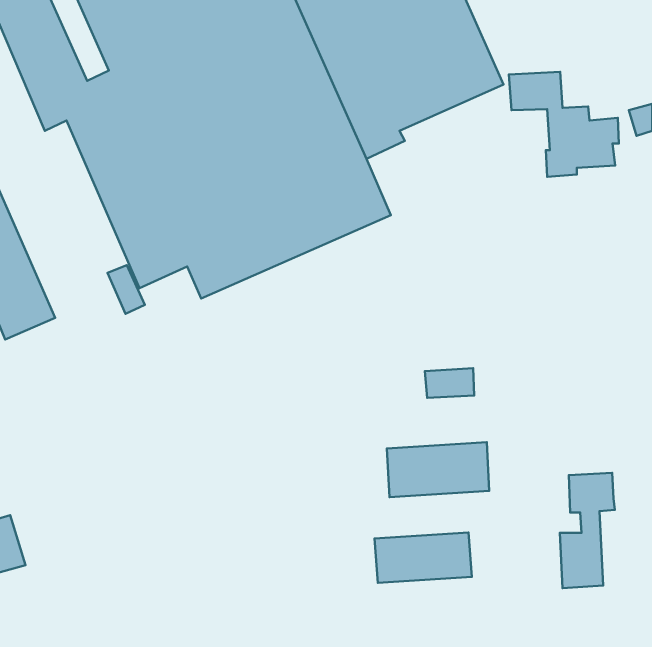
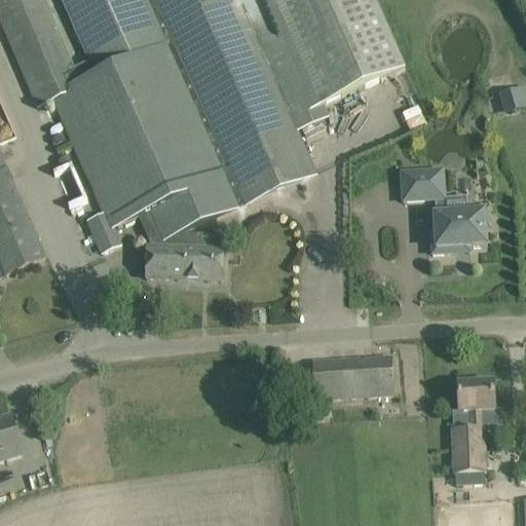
building: [509,72,619,177] -> [400,168,488,253]
building: none -> [145,231,221,278]
building: [425,368,474,398] -> none
building: [374,532,472,583] -> none

